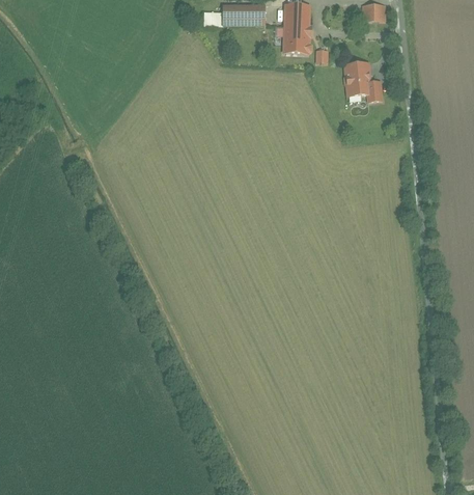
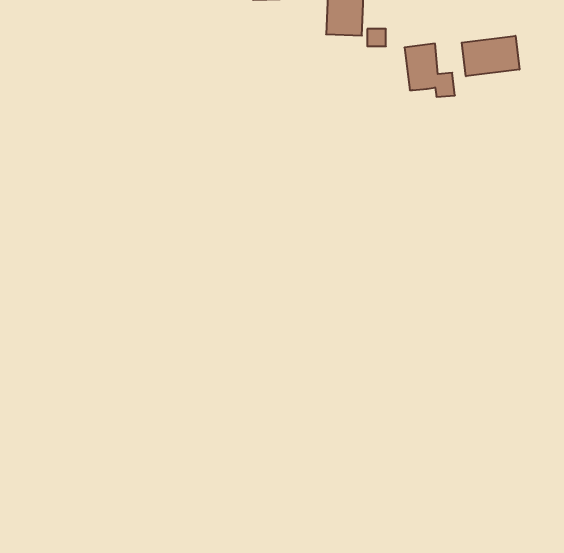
building: none -> [462,36,519,76]

